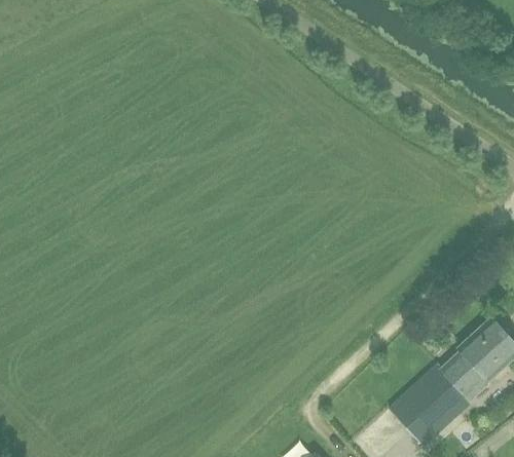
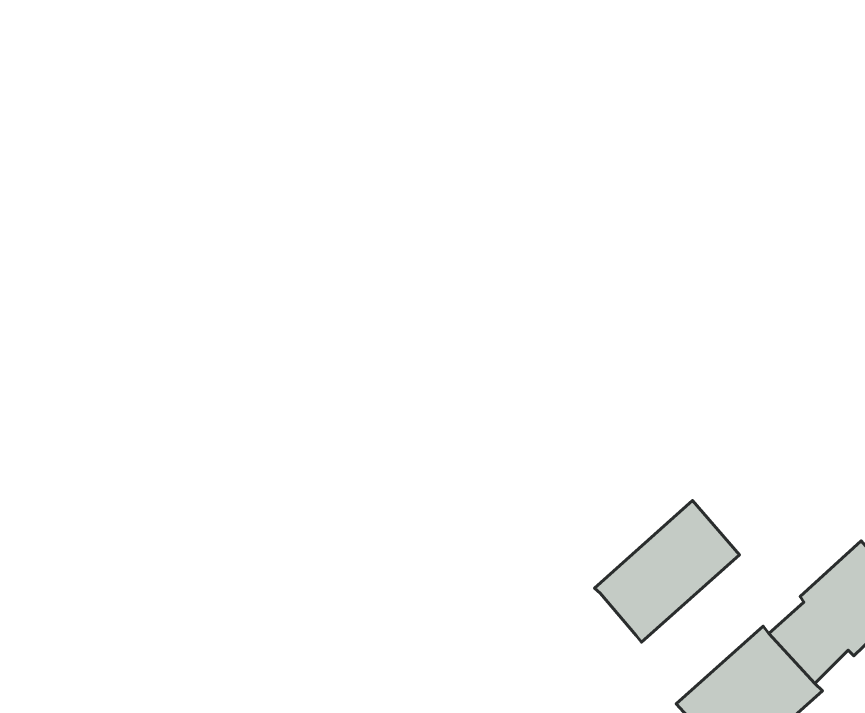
building: none -> [595,501,739,642]

